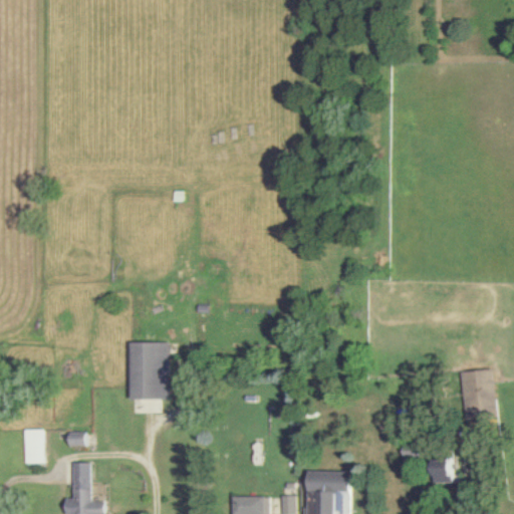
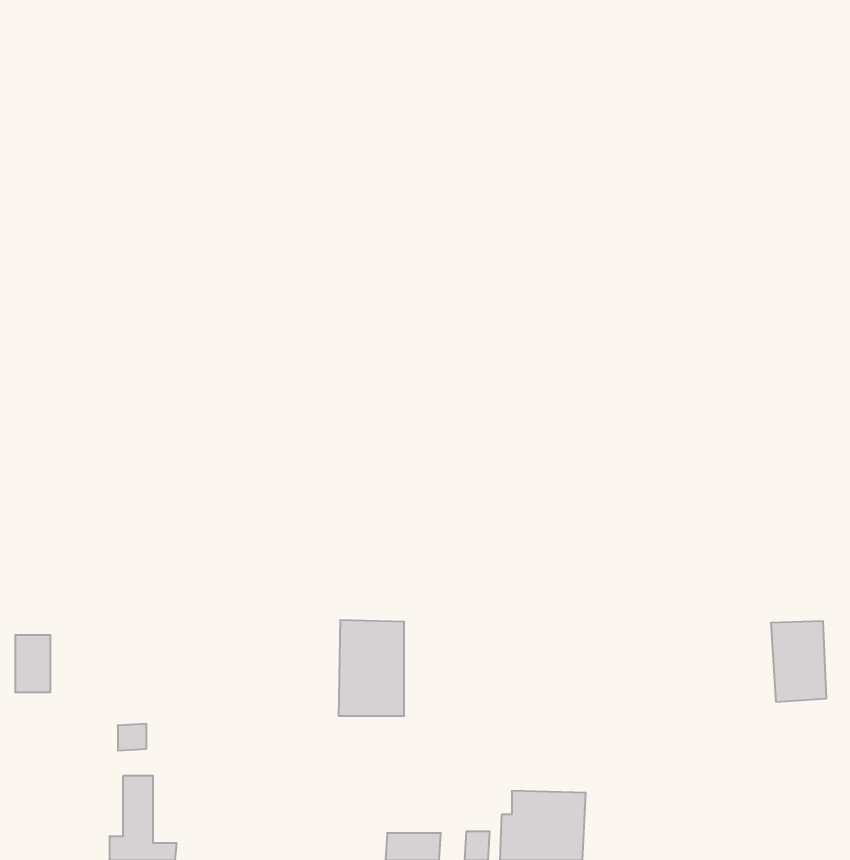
building: [131,342,170,400] -> [339,620,404,716]
building: [24,430,45,464] -> [15,635,50,692]
building: [430,460,454,484] -> none

